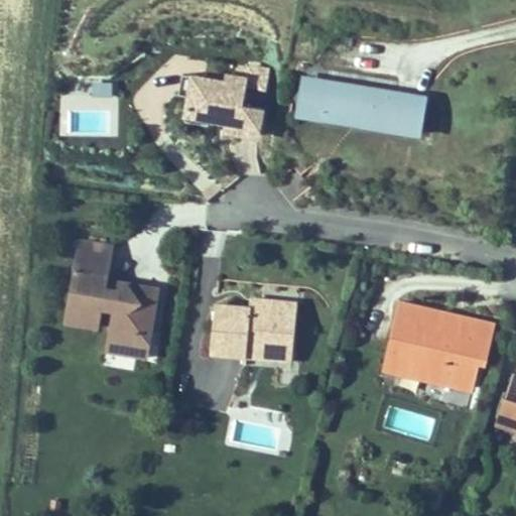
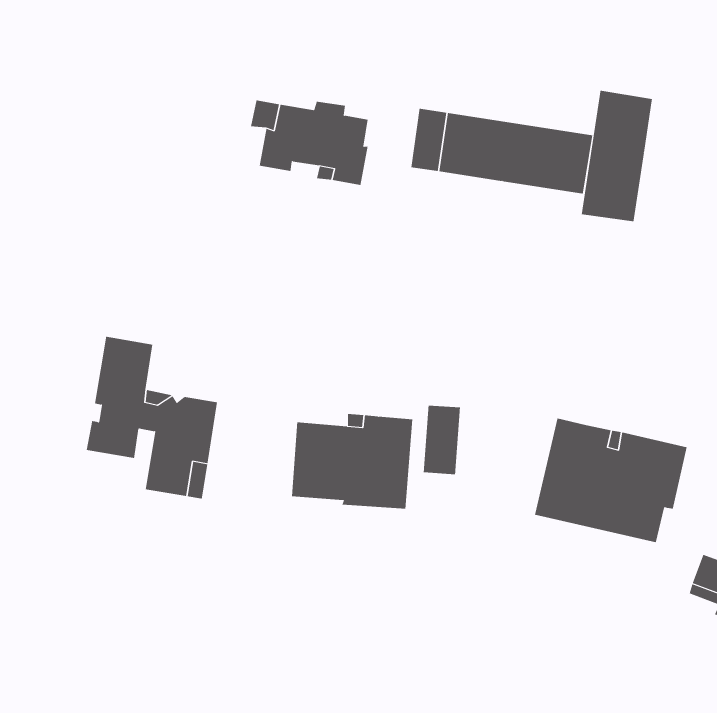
building: none -> [581,90,653,222]
building: none -> [423,405,461,475]

